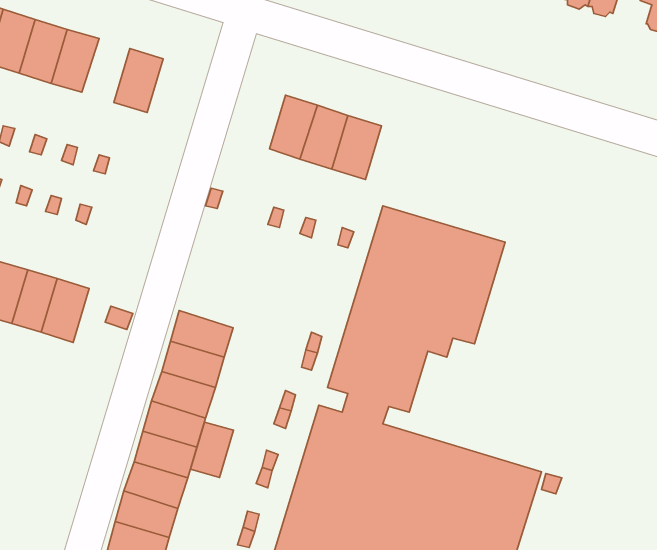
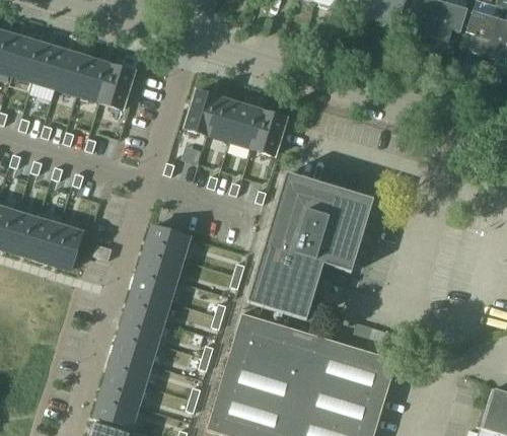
building: none -> [77,58,111,102]
building: none -> [185,90,219,135]
building: none -> [145,226,190,260]
building: [190,422,234,477] -> none

